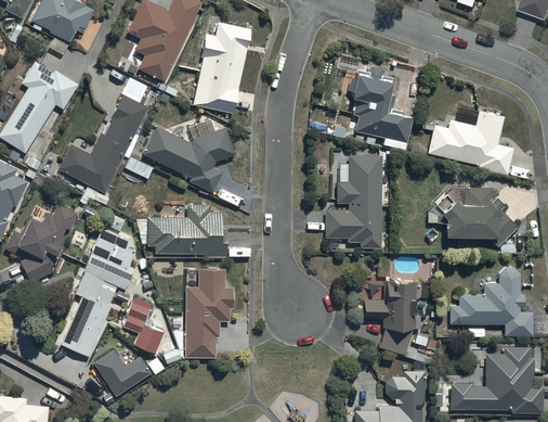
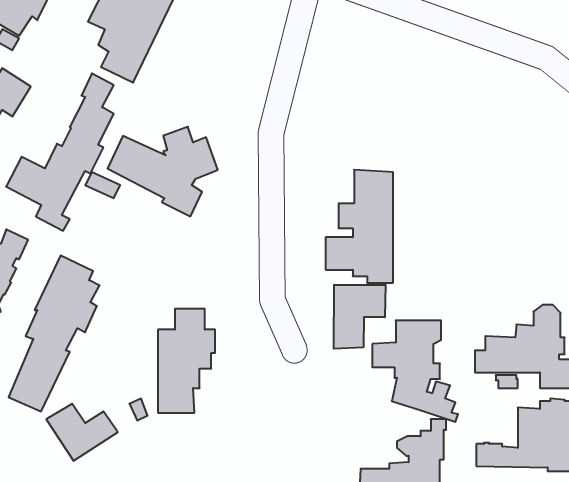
building: [193,23,250,114] -> none
building: [349,67,414,151] -> none
building: [428,112,513,176] -> none
building: [428,188,518,247] -> none
building: [138,205,226,258] -> none
building: none -> [334,285,386,349]
building: [121,297,162,355] -> none

